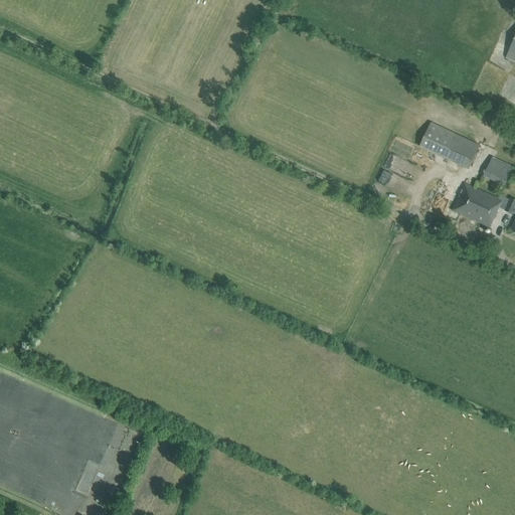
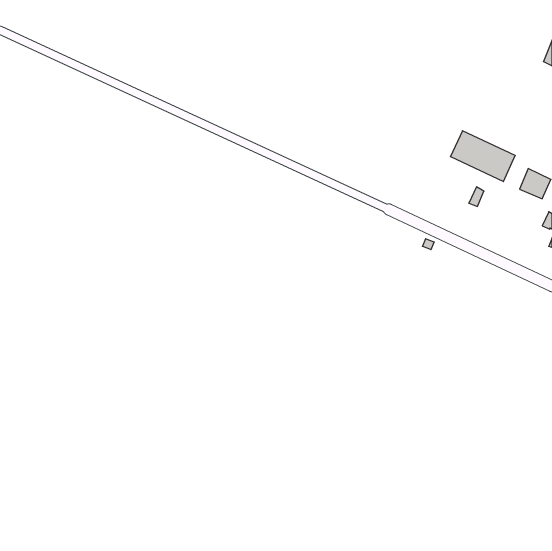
building: [454,184,502,226] -> none

